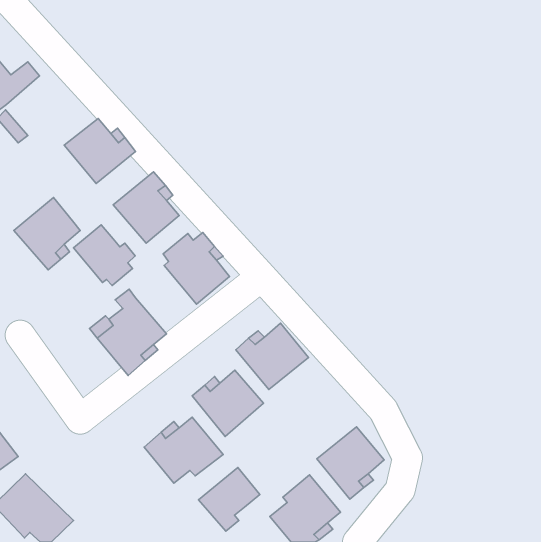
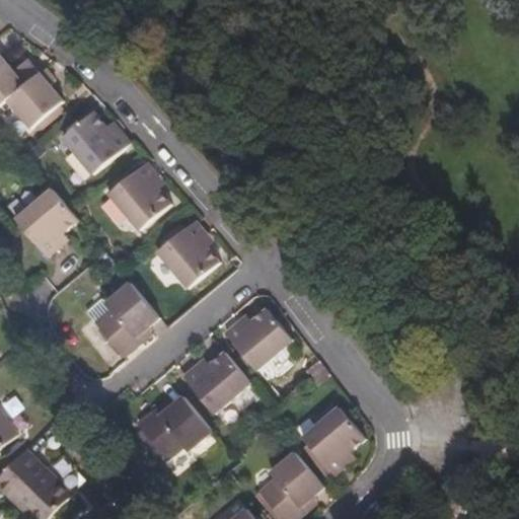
building: none -> [6,68,61,128]
building: [74,225,135,286] -> none
building: [198,467,260,531] -> none

